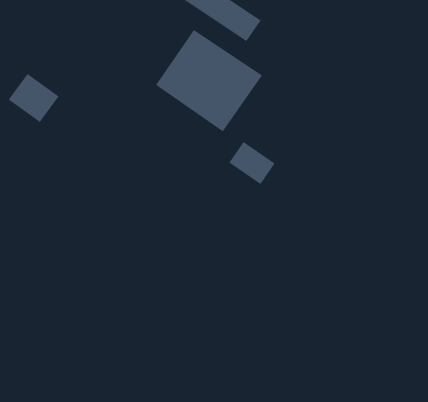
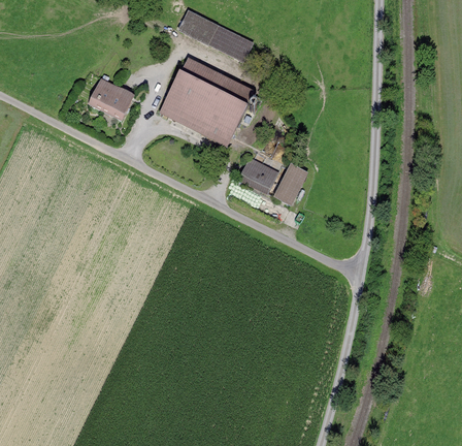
building: [8,73,60,123] -> [87,77,135,123]
building: none -> [272,163,307,206]

